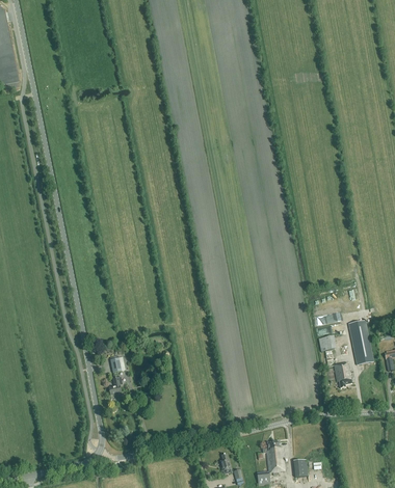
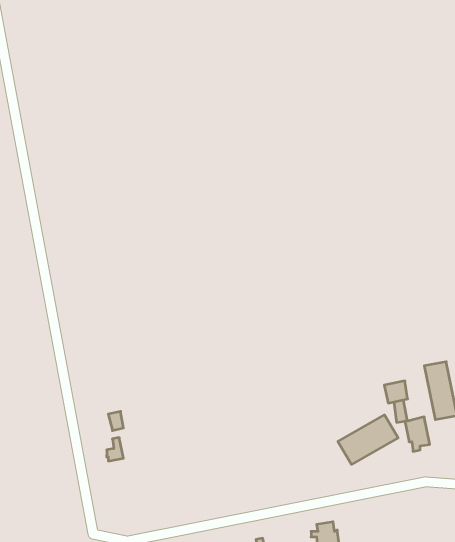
building: none -> [338,415,398,464]

